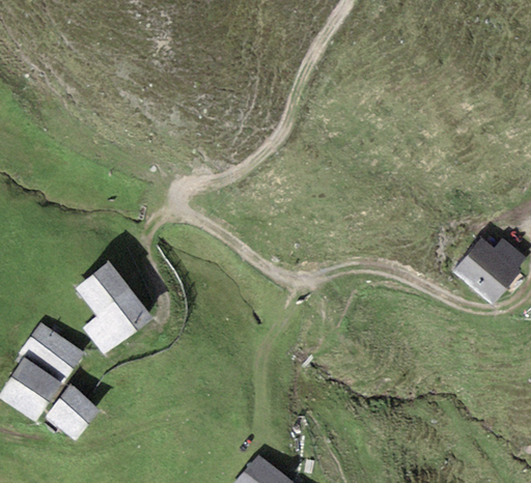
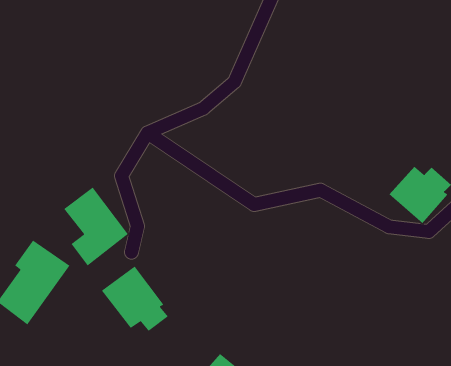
building: none -> [101,266,169,332]
building: [46,385,99,439] -> none

